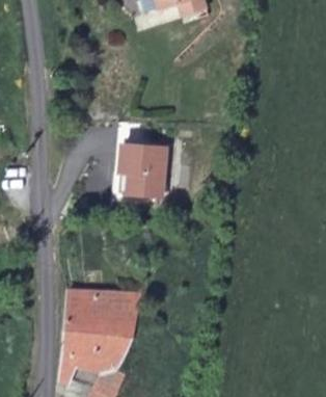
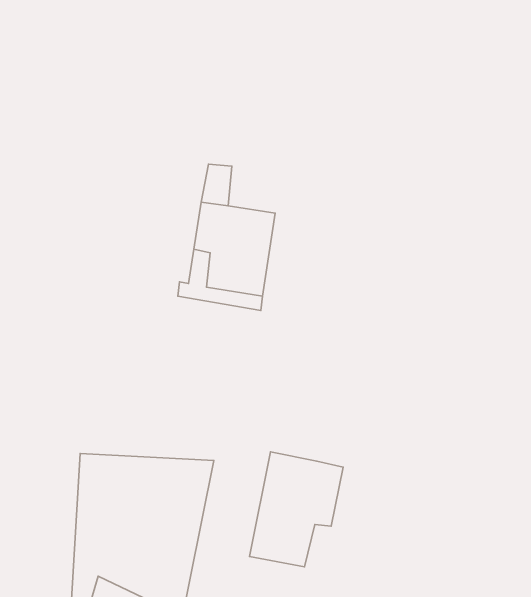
building: none -> [249,452,343,567]

